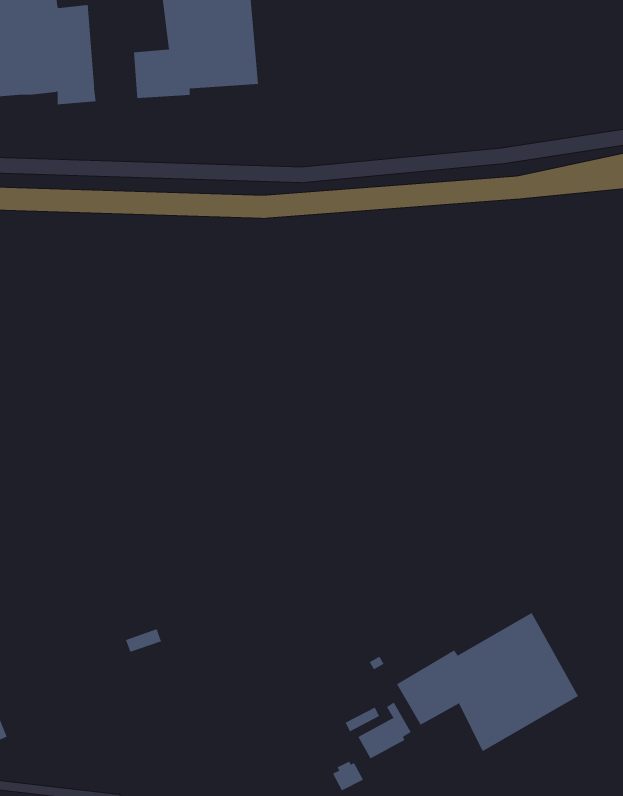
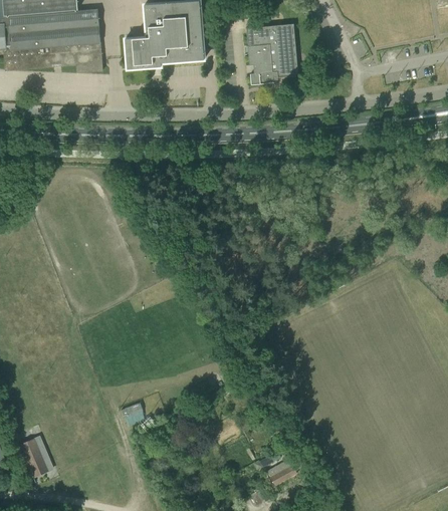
building: none -> [246,23,298,84]
building: [396,612,579,752] -> none

